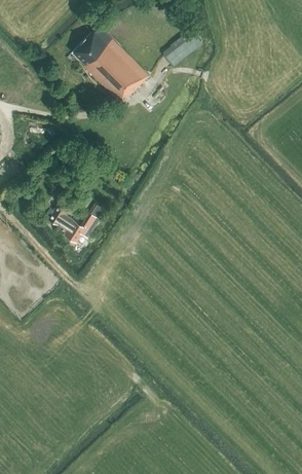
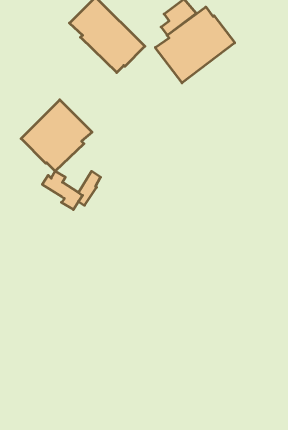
building: none -> [155,7,235,83]
building: none -> [21,100,92,171]

